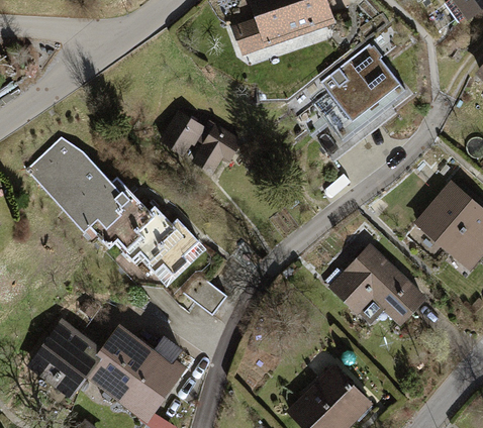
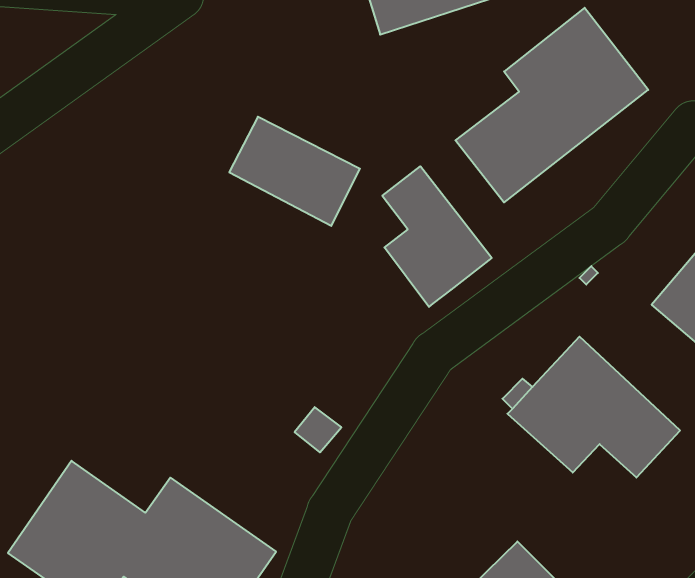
building: [33,138,201,286] -> none
building: none -> [382,166,492,307]

